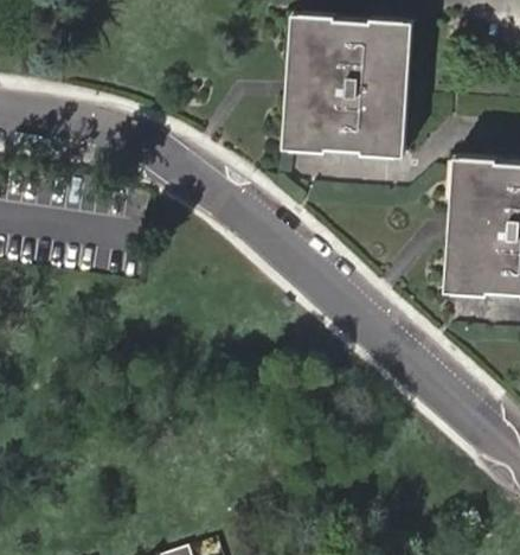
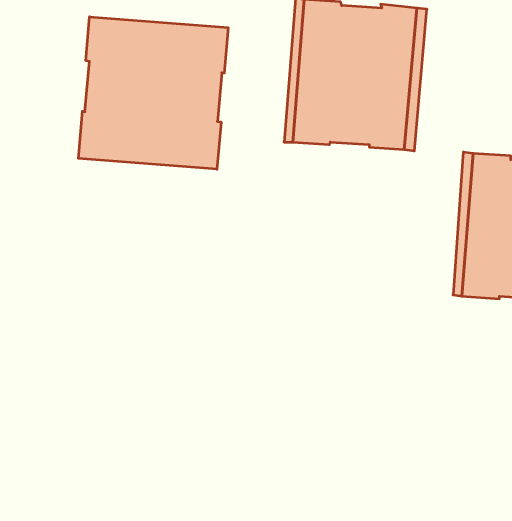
building: none -> [78,17,228,169]

